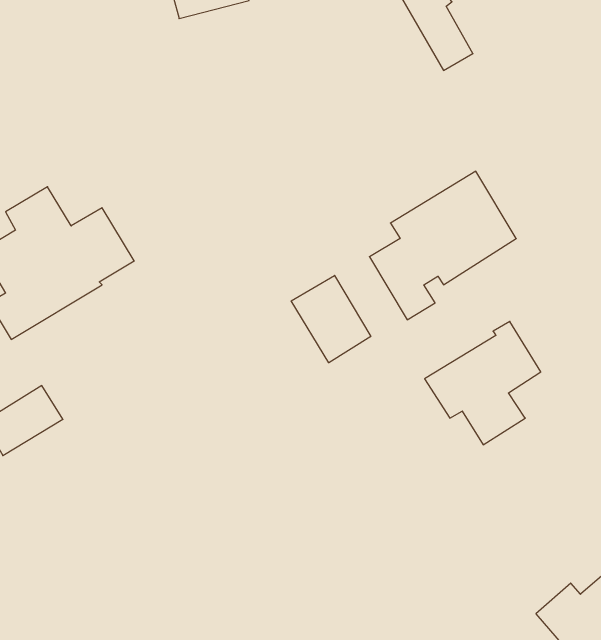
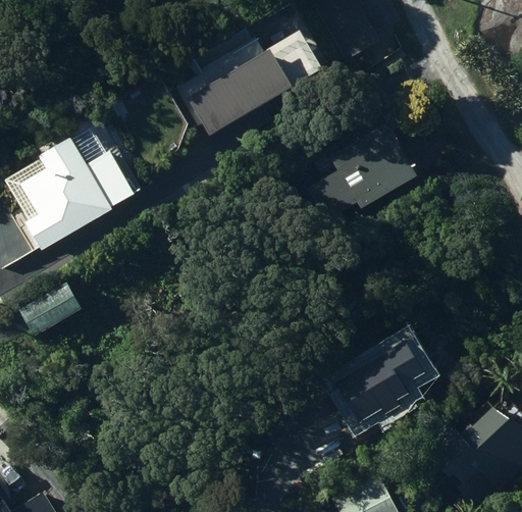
building: none -> [185,31,317,136]
building: [291,275,371,363] -> none
building: [425,321,541,445] -> [334,340,419,429]

